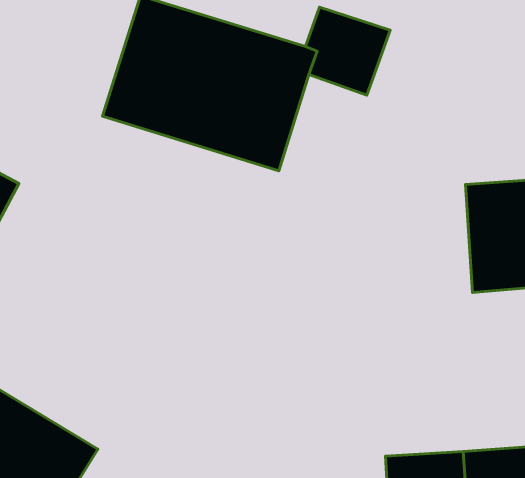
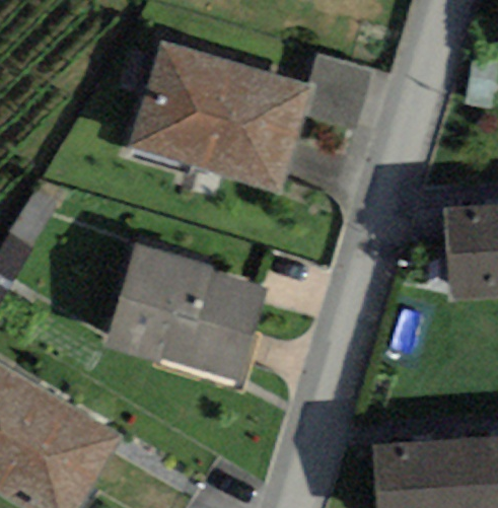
building: none -> [102,242,268,386]

